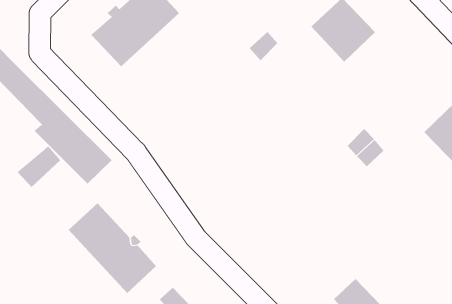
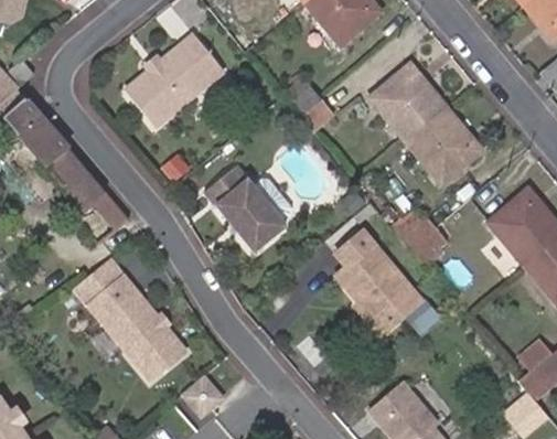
building: none -> [406,106,480,181]
building: none -> [206,167,292,251]
building: [17,145,61,188] -> [68,259,119,306]
building: none -> [340,232,425,336]

